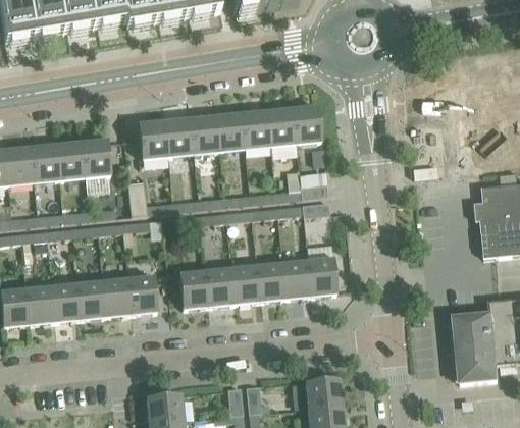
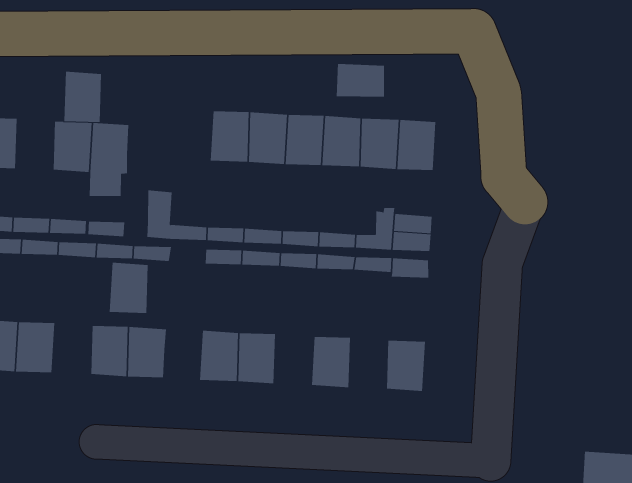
building: none -> [336,63,385,97]
building: [139,121,167,158] -> none
building: [31,145,60,181] -> [64,71,102,122]
building: [282,261,312,298] -> none
building: [230,266,260,303] -> none
building: [77,281,107,318] -> [109,262,149,314]

